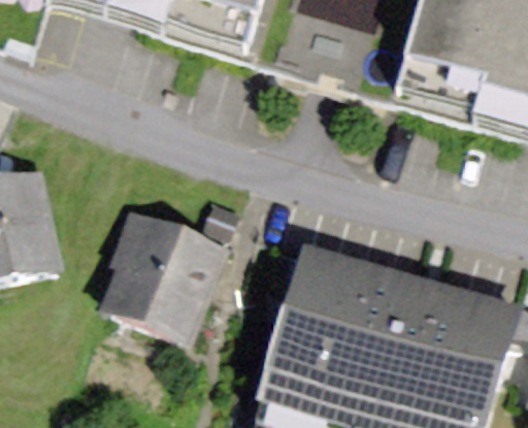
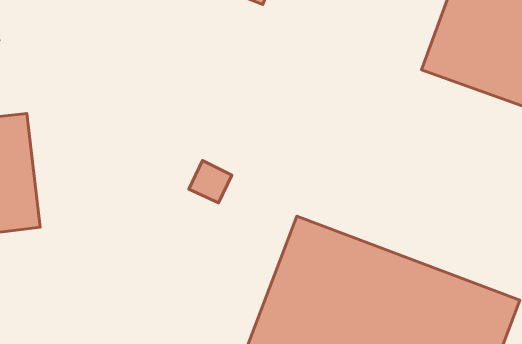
building: [96,204,230,349] -> none

